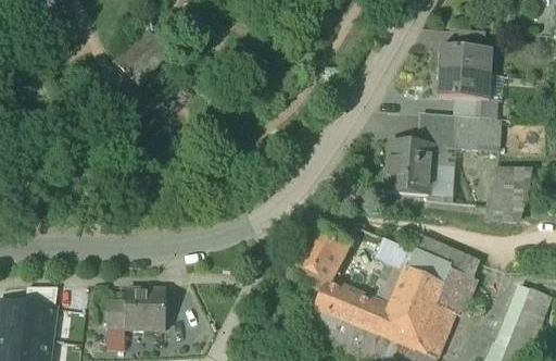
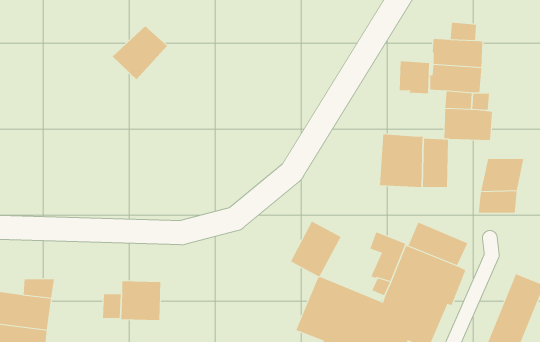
building: [420,112,452,146] -> [399,61,430,94]

